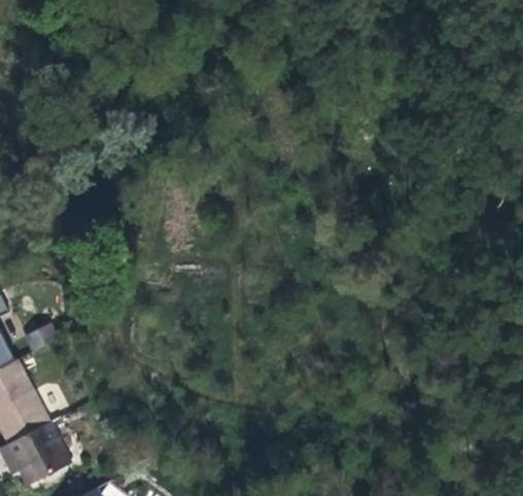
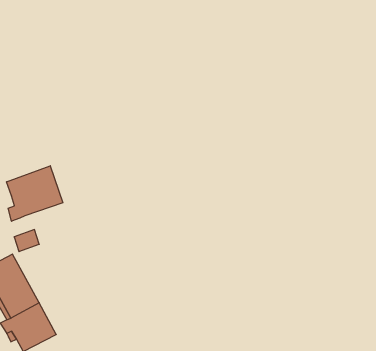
building: none -> [7,166,63,221]

